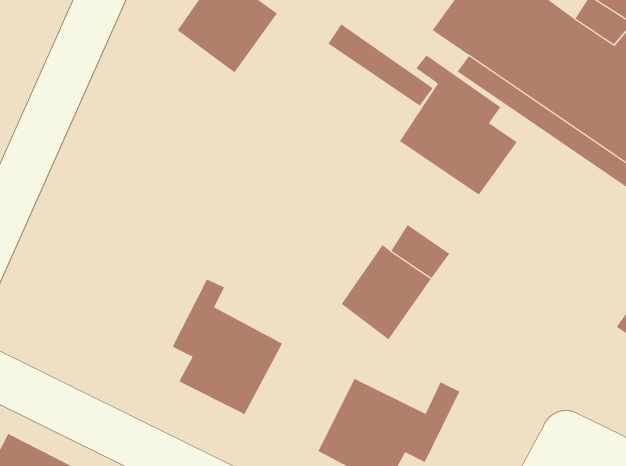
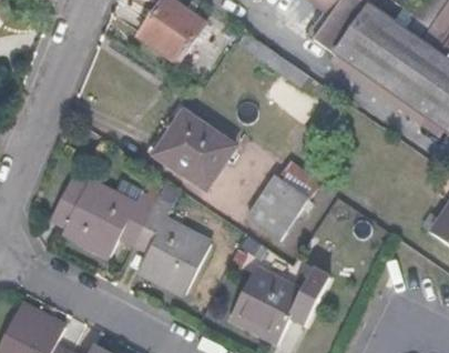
building: [399,55,517,196] -> none
building: none -> [156,114,236,191]
building: none -> [51,180,157,255]

